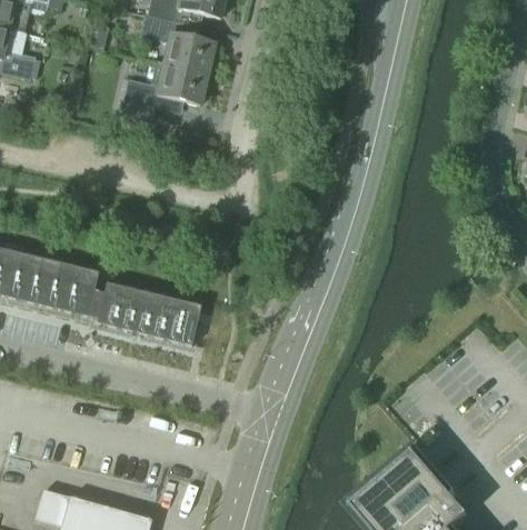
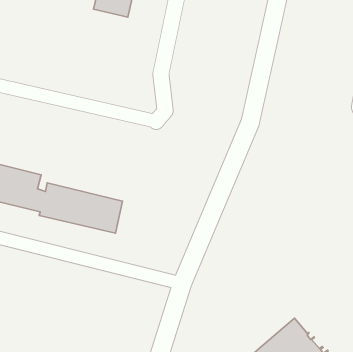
building: [119,64,206,120] -> none

